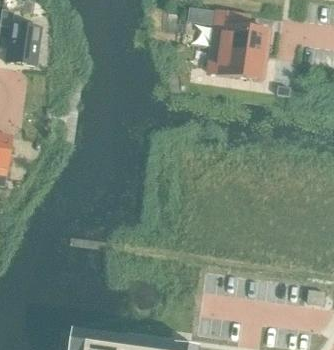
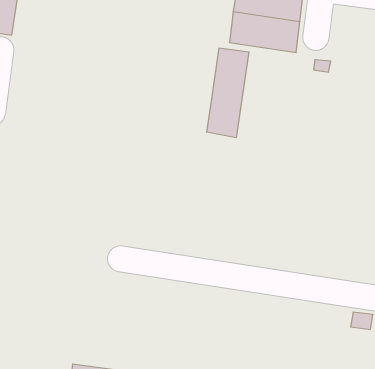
building: none -> [207,48,249,138]

